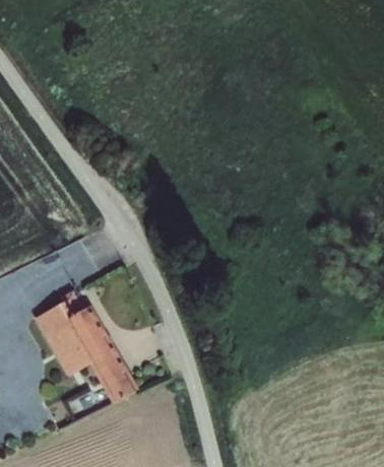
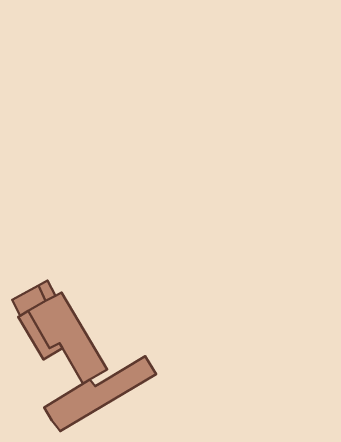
building: none -> [44,356,156,431]

